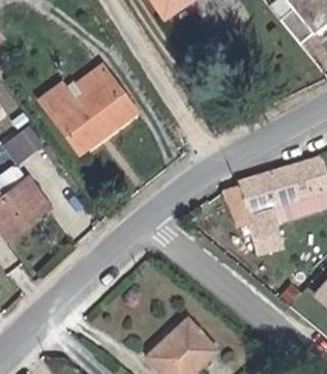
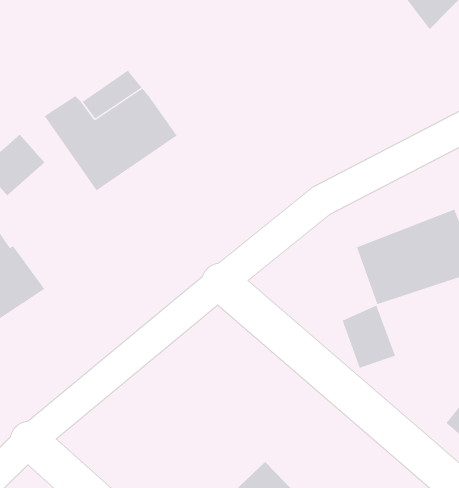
building: [229,184,266,232] -> none

